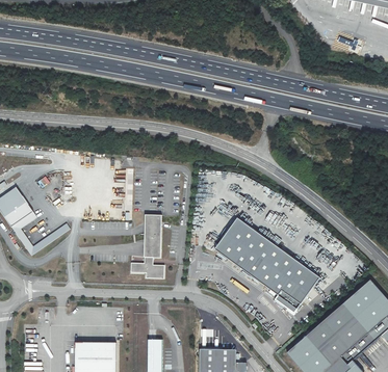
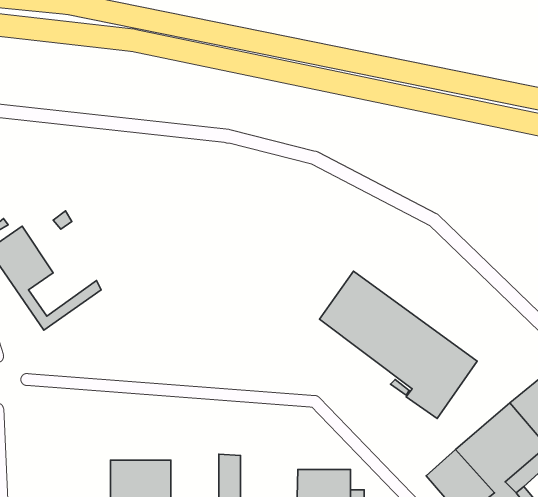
building: [129,214,164,278] -> none

